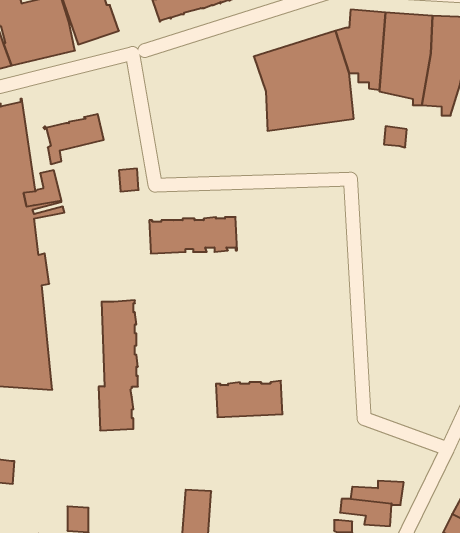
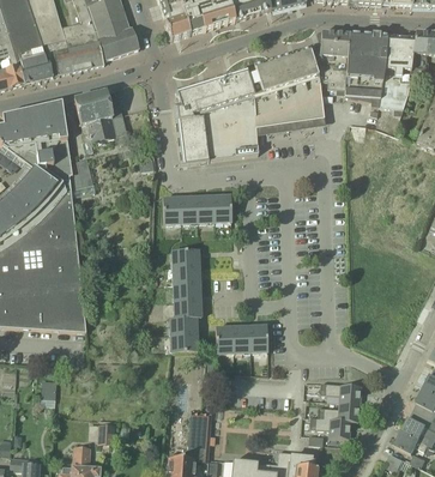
building: none -> [173,68,258,164]
building: none -> [73,90,121,125]
building: [99,300,138,430] -> [169,249,200,352]
building: none -> [324,384,364,405]

